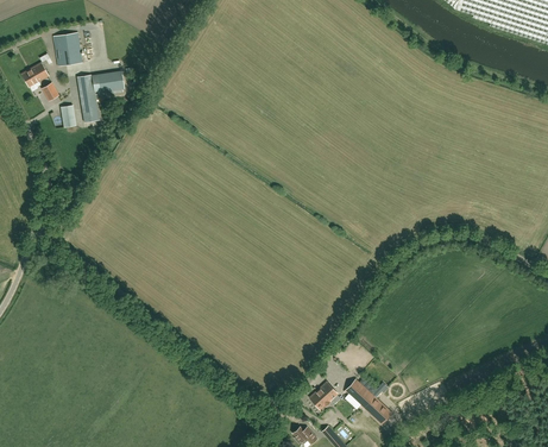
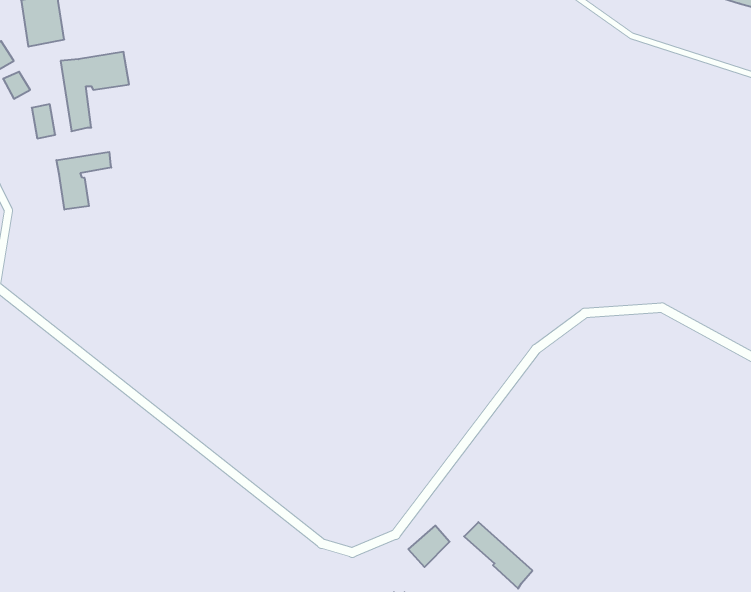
building: none -> [56,152,111,210]

